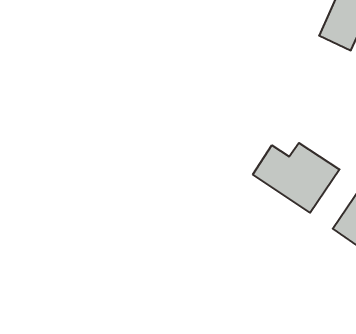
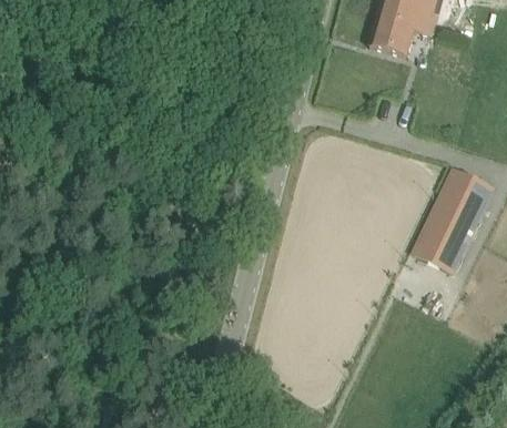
building: [253,143,340,213] -> none

